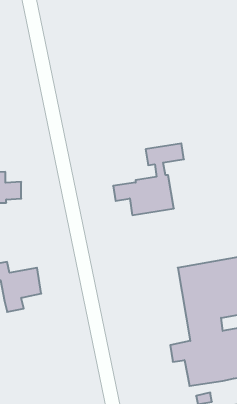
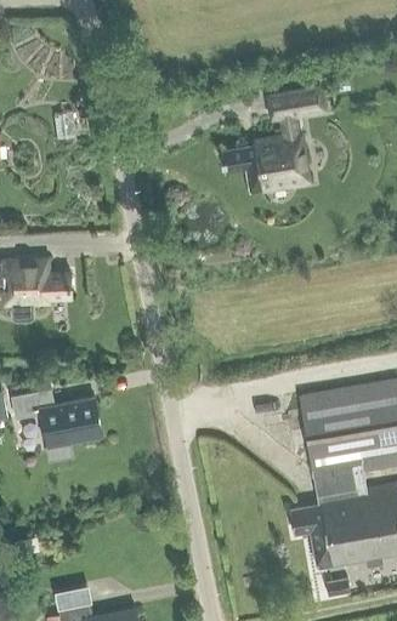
building: [113,143,184,215] -> [222,87,325,192]

